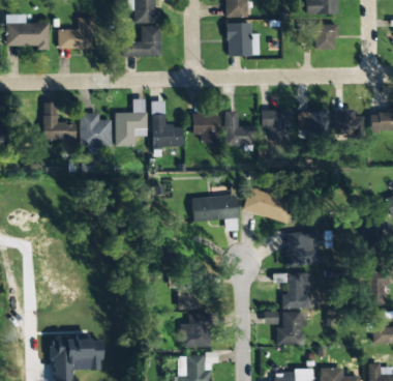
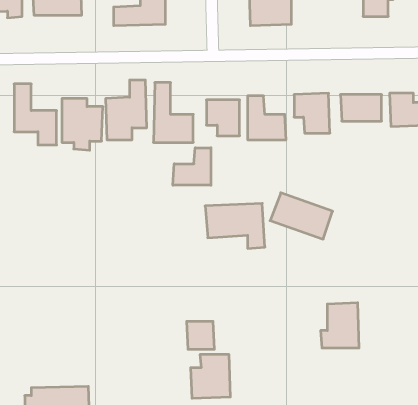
building: none -> [173,148,211,185]
building: [285,230,321,266] -> none
building: [277,312,303,345] -> none

